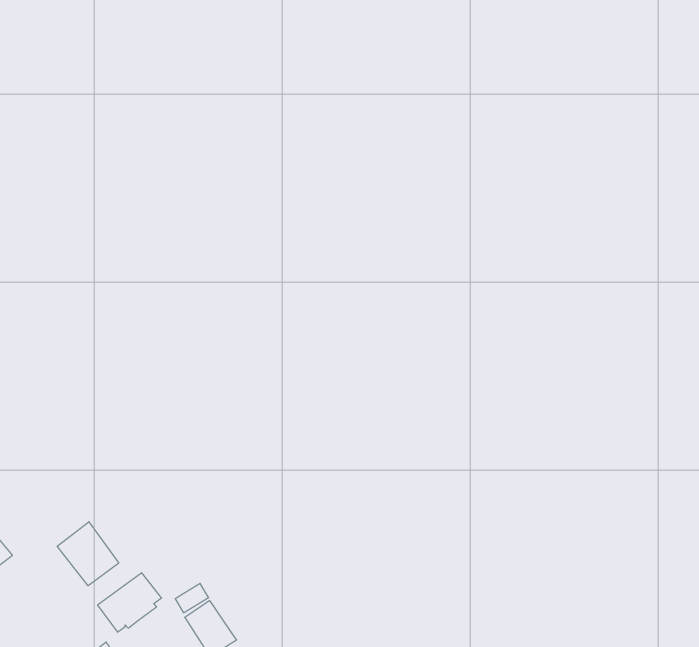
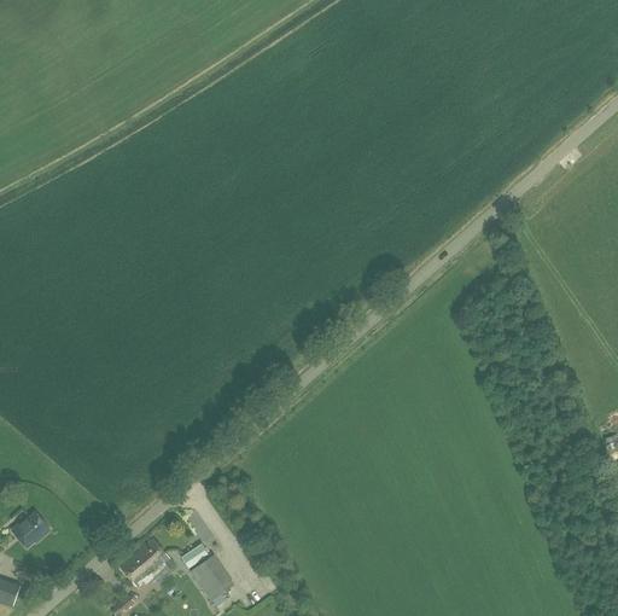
building: [57,522,119,586] -> none

